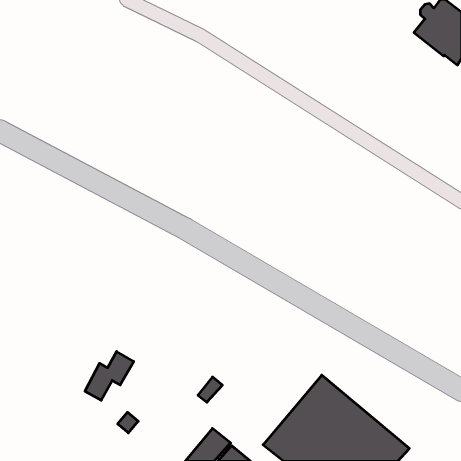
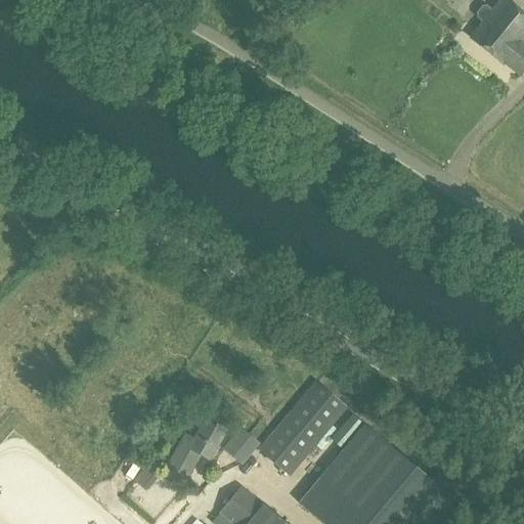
building: none -> [258,380,348,475]
building: [85,351,134,400] -> [169,421,224,476]

